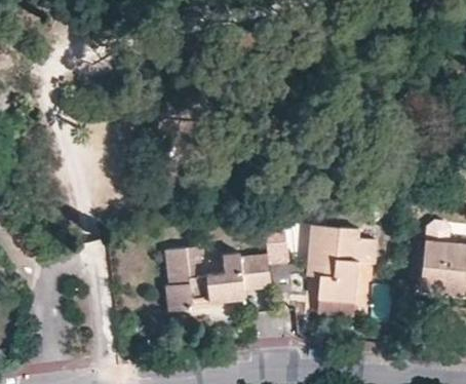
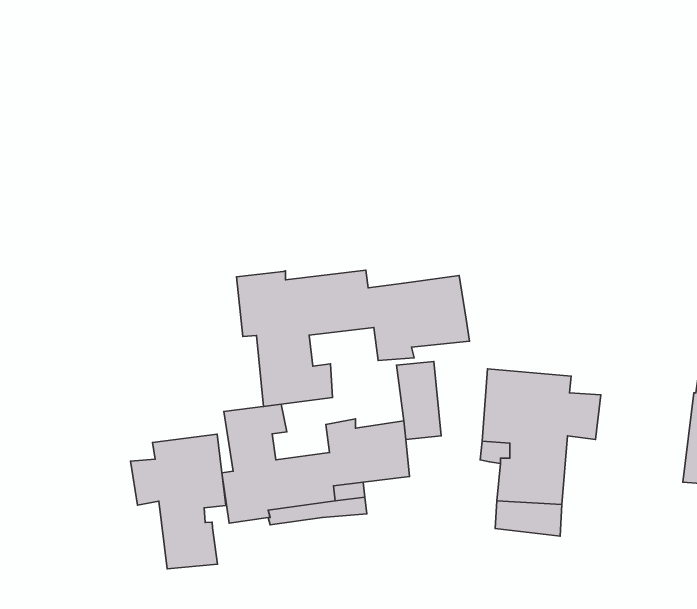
building: none -> [236,270,470,406]
building: none -> [131,434,226,569]

